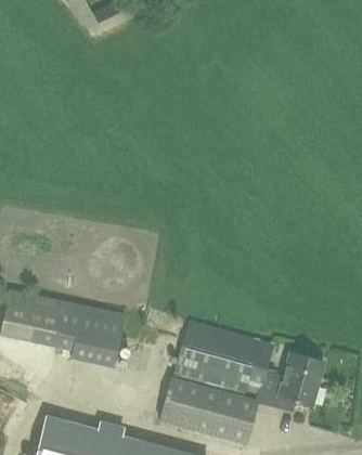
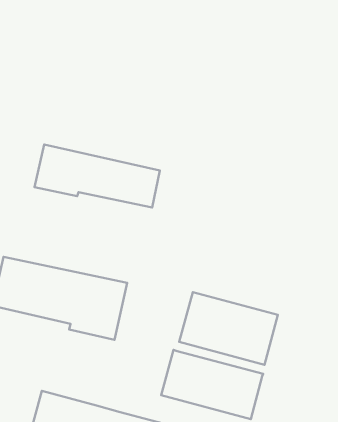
building: none -> [35,144,160,208]
building: [259,353,324,411] -> none

